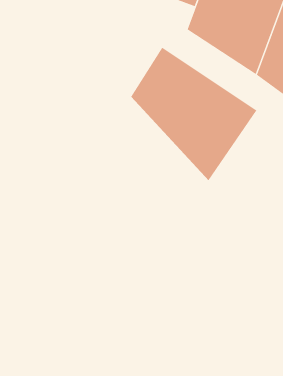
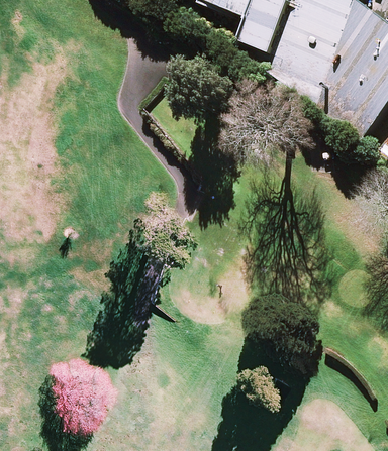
building: [130,47,257,181] -> none

